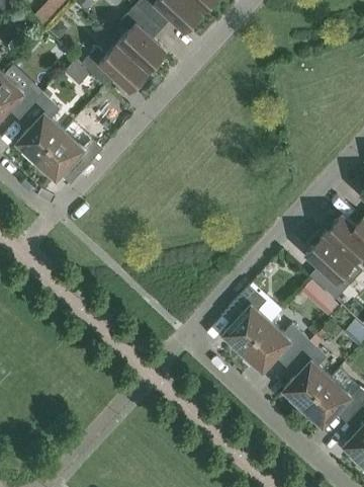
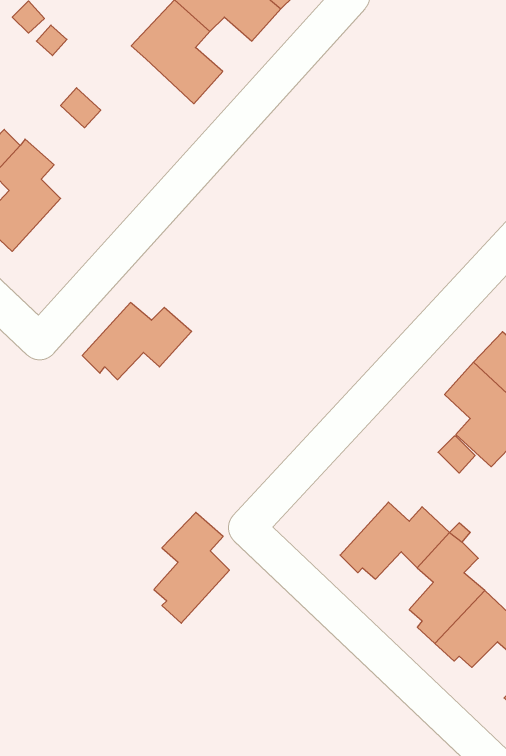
building: [81,43,148,91] -> none
building: [33,131,102,179] -> [82,303,192,380]
building: [222,286,270,355] -> [154,512,229,623]

